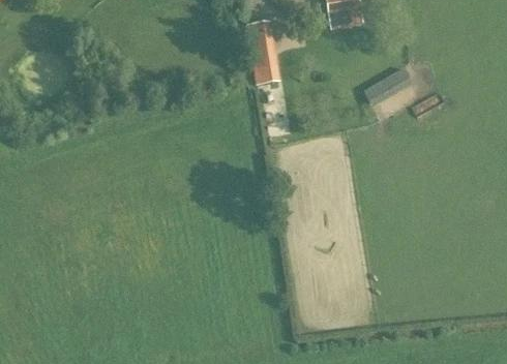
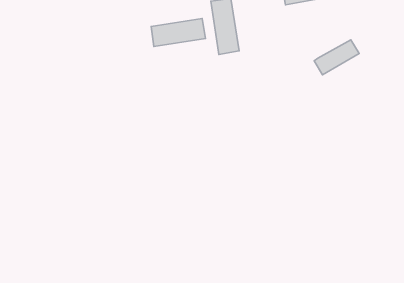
building: none -> [151,19,206,46]

